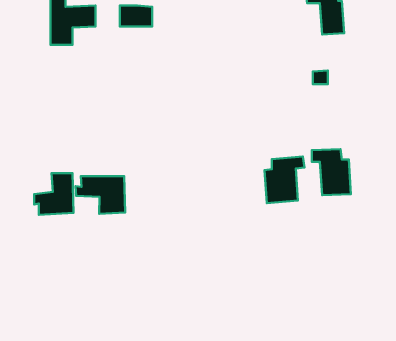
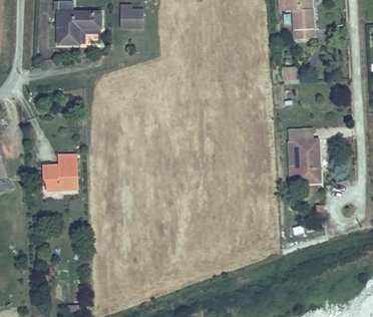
building: [264,157,305,203] -> none
building: [76,176,125,214] -> none

